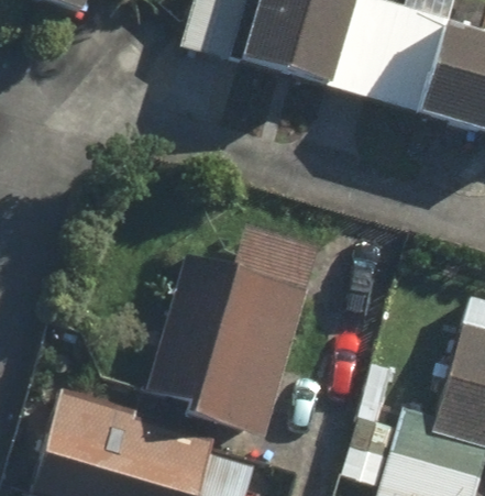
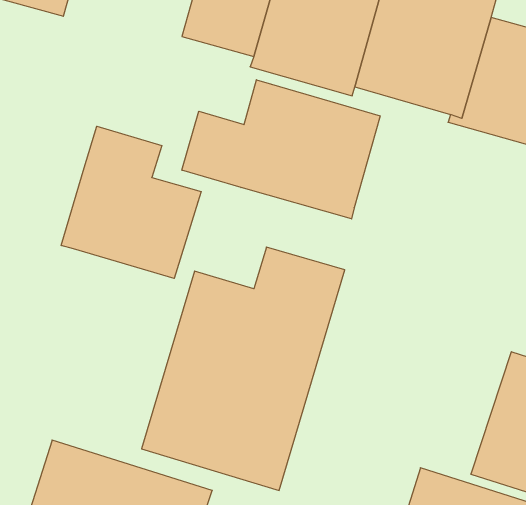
building: none -> [182,80,380,219]
building: none -> [61,126,201,278]

